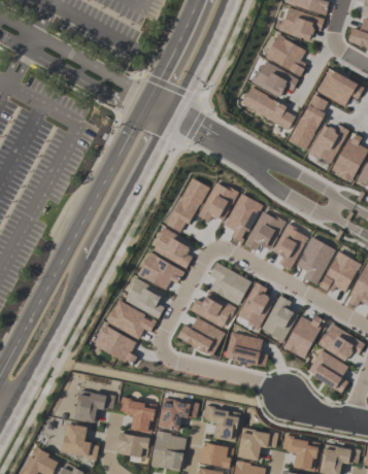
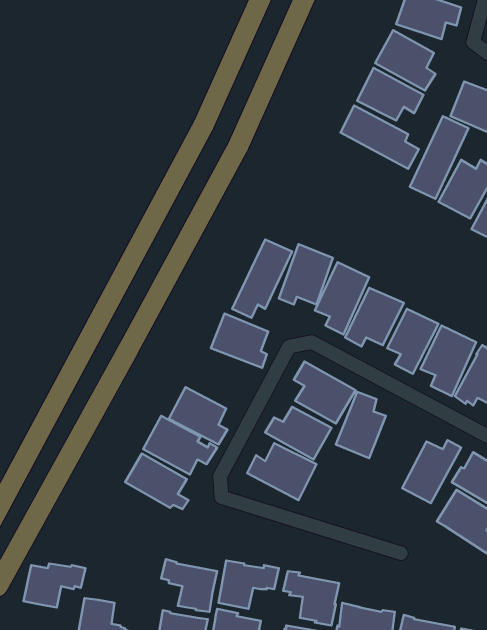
building: [137,251,185,290] -> none
building: [262,296,297,341] -> none
building: [225,333,267,368] -> none
building: [73,393,115,422] -> [24,564,85,607]

